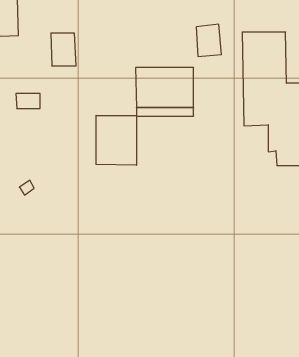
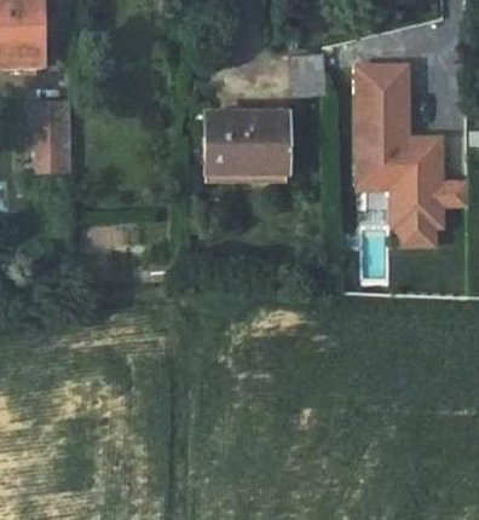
building: [51,33,76,66] -> [35,100,70,146]
building: [96,115,136,165] -> none

